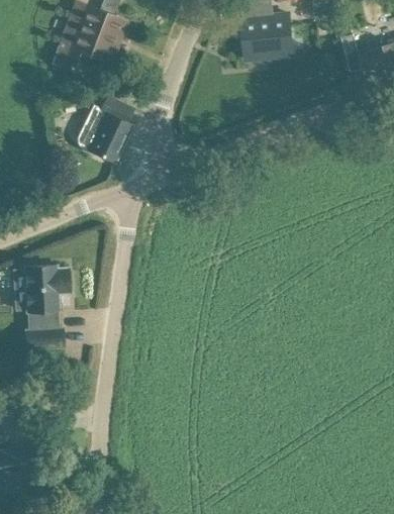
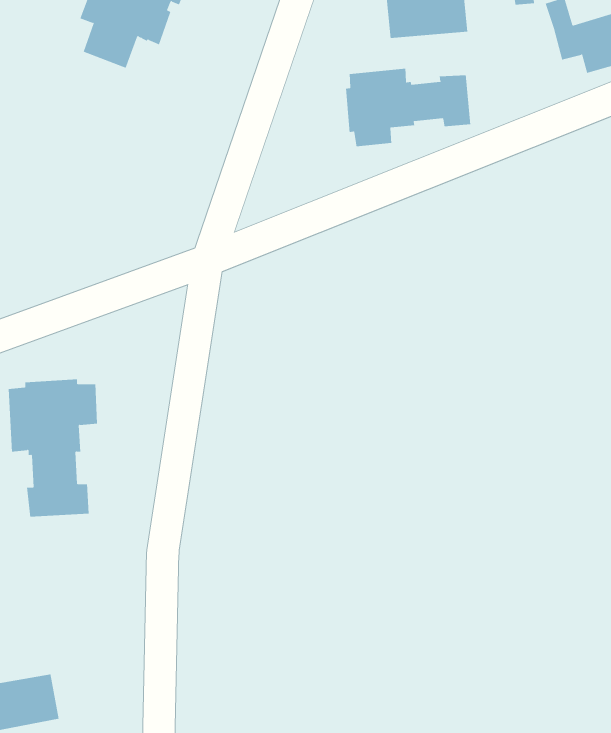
building: none -> [345,68,471,147]
building: [78,96,132,163] -> none

